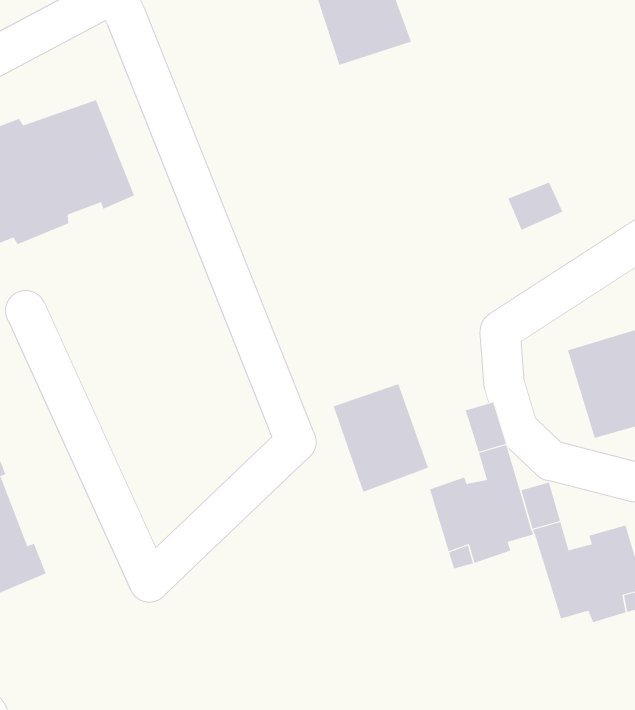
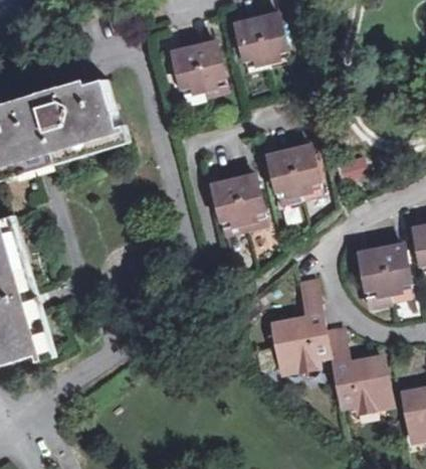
building: none -> [171,40,225,102]
building: none -> [266,145,321,206]
building: [333,383,429,492] -> [212,174,263,234]

